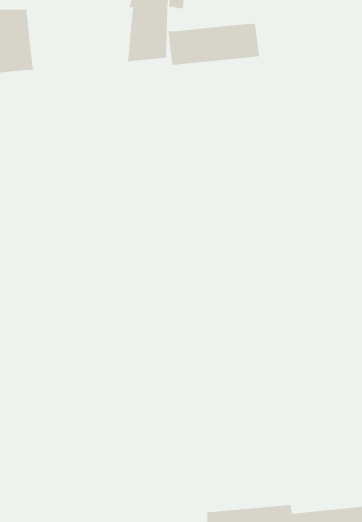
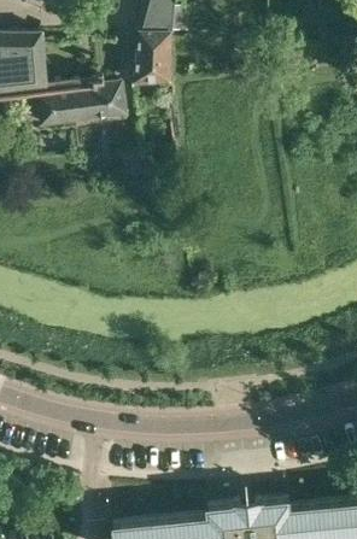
building: [168,23,260,65] -> [36,84,123,124]

